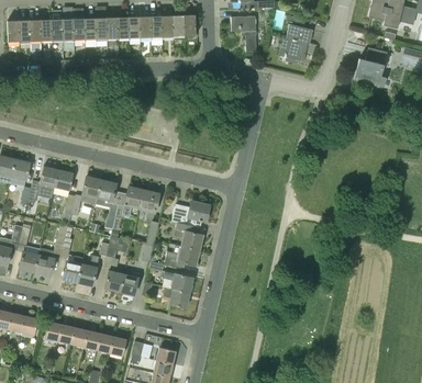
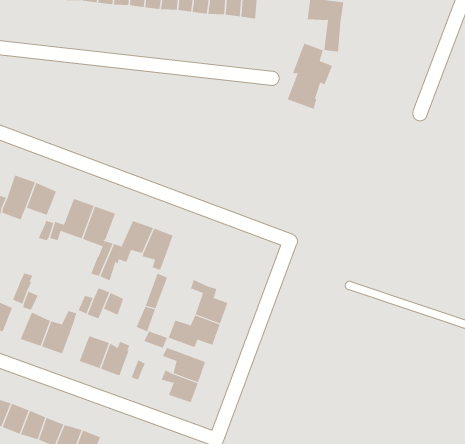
building: [284,16,312,61] -> [287,43,333,109]
building: [170,201,210,227] -> none

